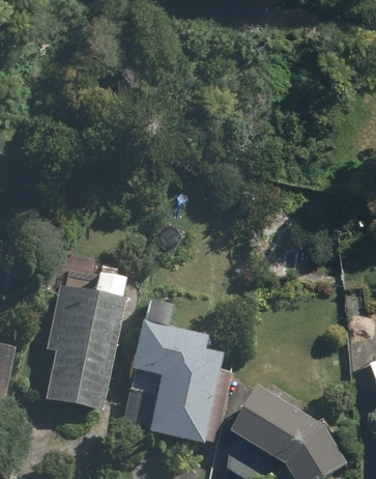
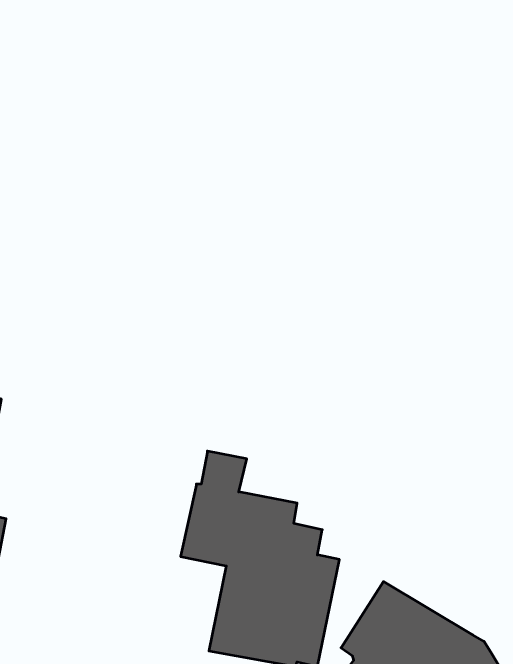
building: [41,272,122,408] -> none

